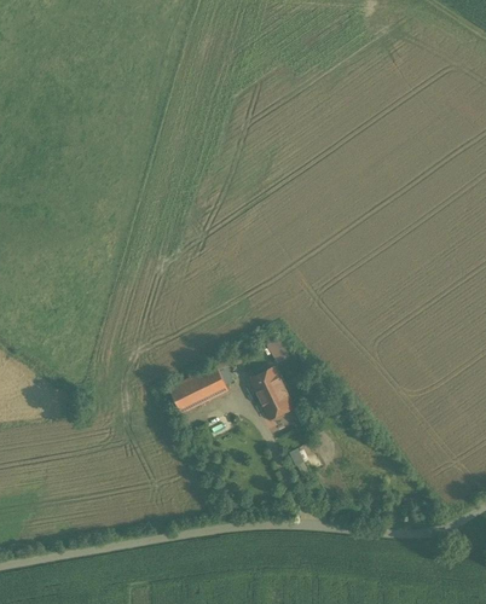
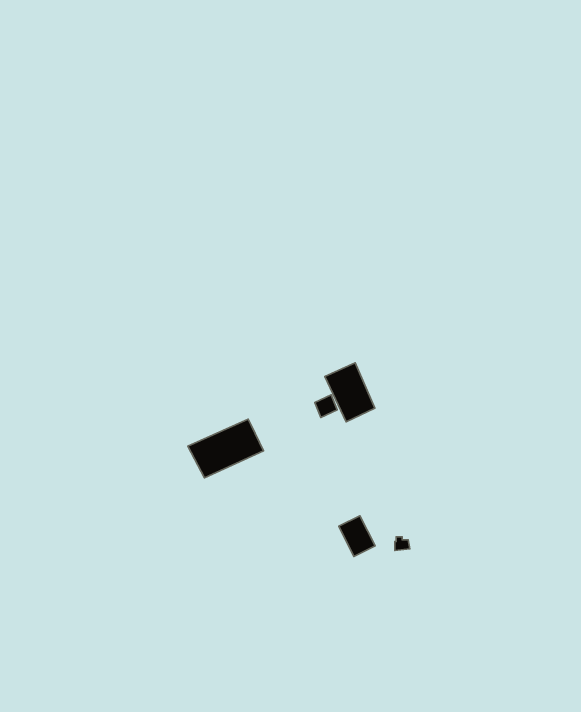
building: [249,368,289,416] -> [325,363,375,422]

